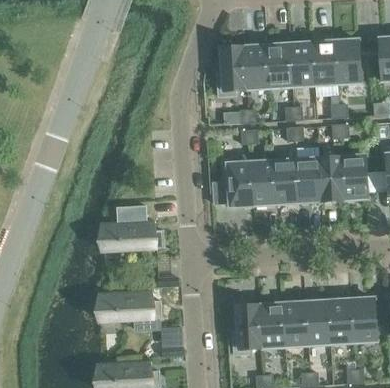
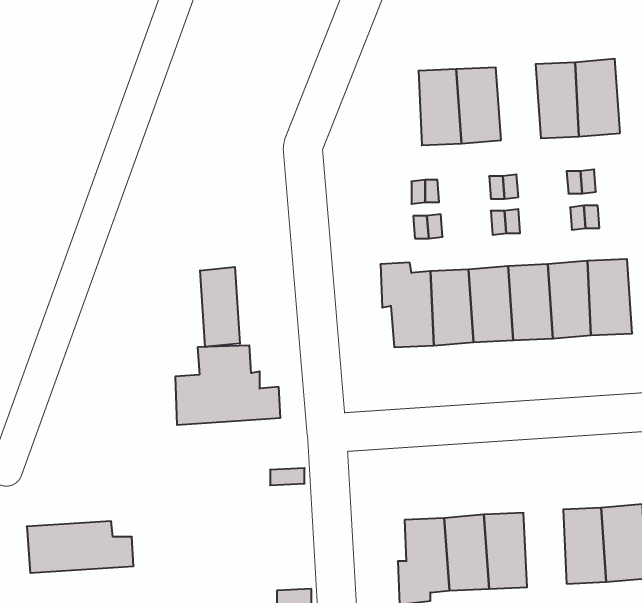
building: [289,42,315,86] -> none
building: [216,46,246,96] -> none
building: none -> [200,267,240,347]
building: [100,291,162,321] -> [27,521,134,573]
building: [305,300,330,345] -> none

